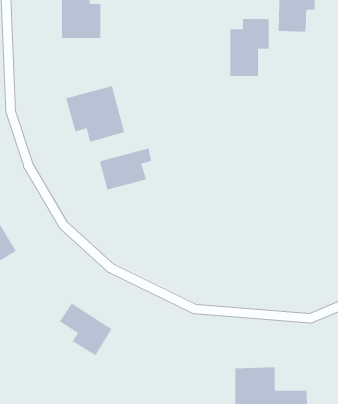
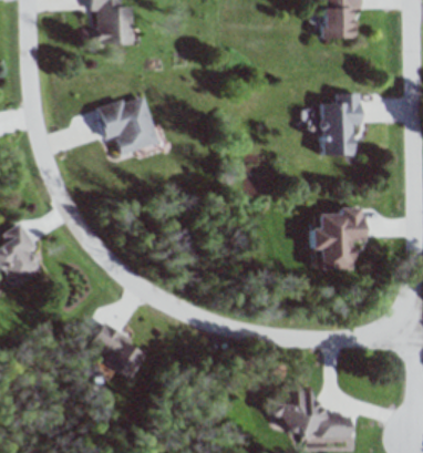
building: [230,18,270,77] -> [321,94,363,156]
building: [99,147,152,190] -> none
building: none -> [312,208,367,270]

